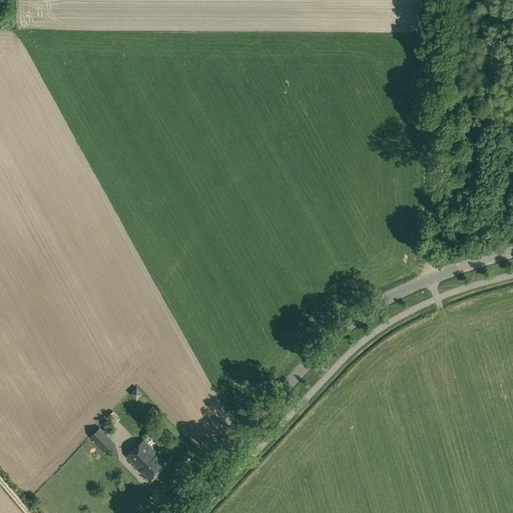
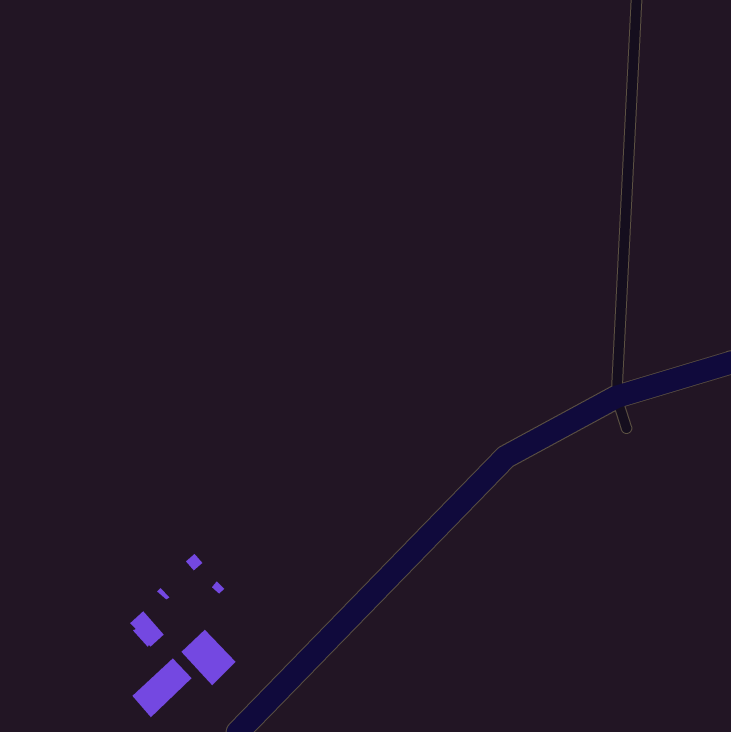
building: none -> [131,657,193,718]

